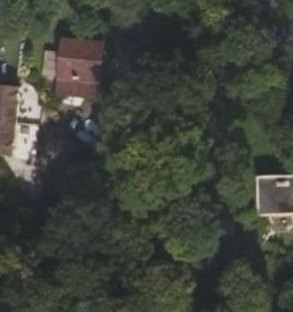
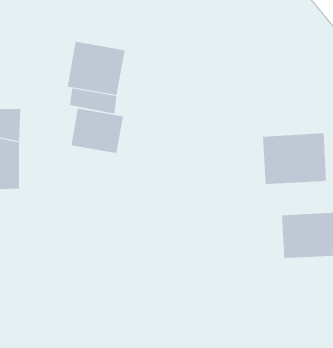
building: none -> [71,108,123,153]
building: none -> [263,133,326,185]

